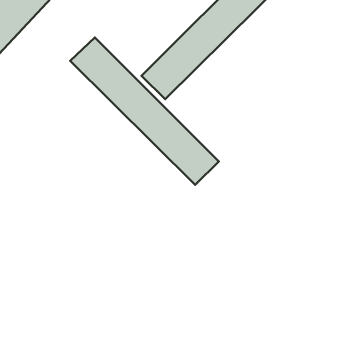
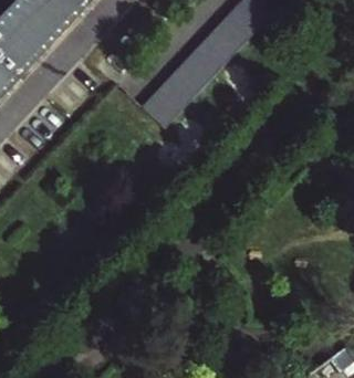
building: [70,37,219,185] -> none

